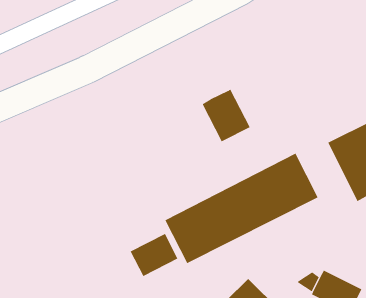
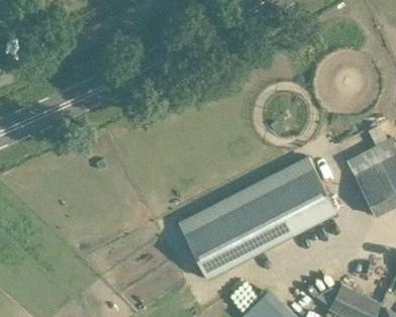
building: [202,89,250,142] -> none
building: [130,233,178,277] -> none

